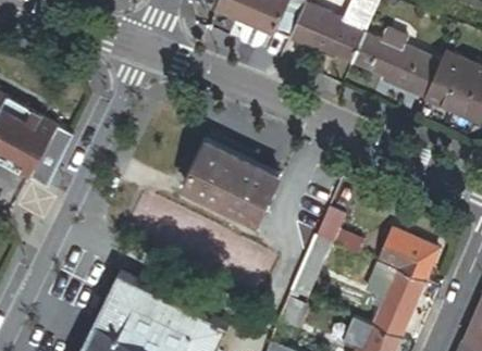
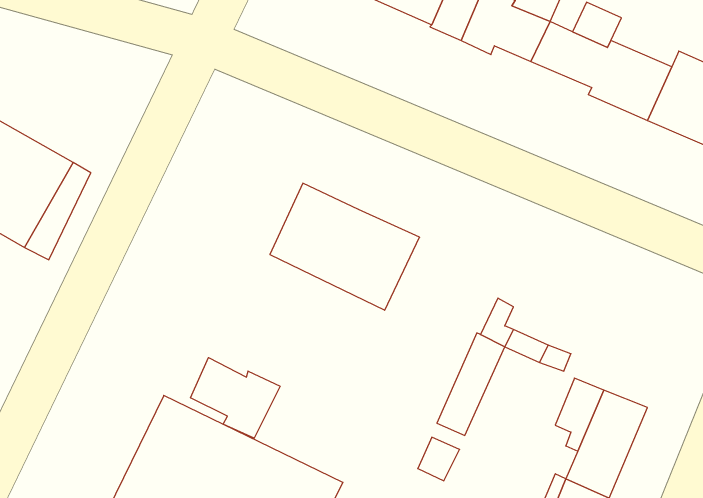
building: [376,228,435,279] -> none
building: none -> [191,358,280,438]

